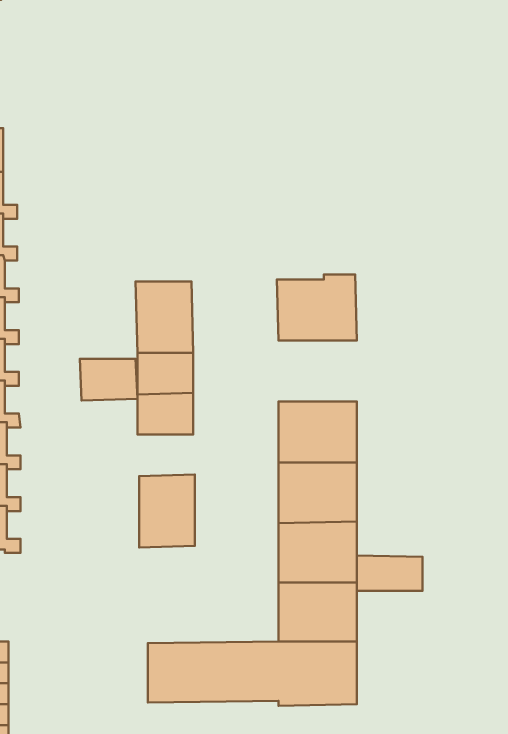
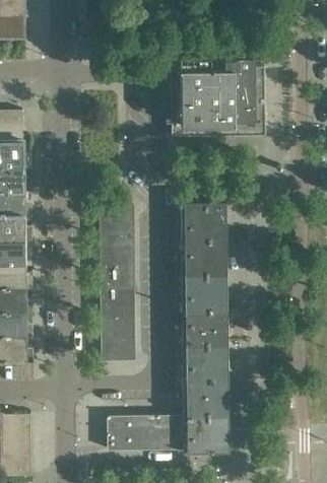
building: none -> [171,53,265,137]
building: none -> [183,239,228,275]
building: [80,359,137,401] -> [101,294,134,319]
building: [357,555,422,591] -> none

